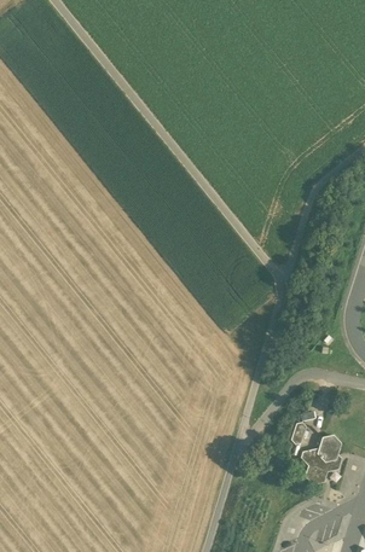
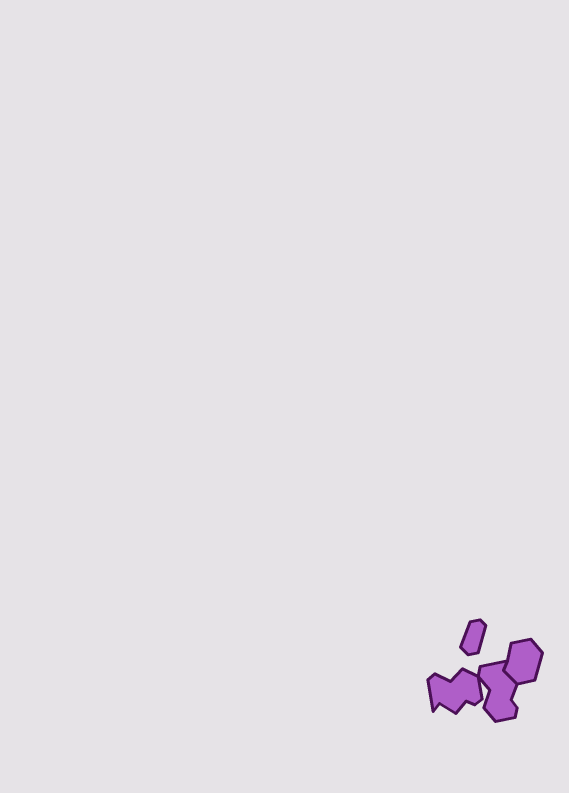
building: none -> [428,669,482,713]

